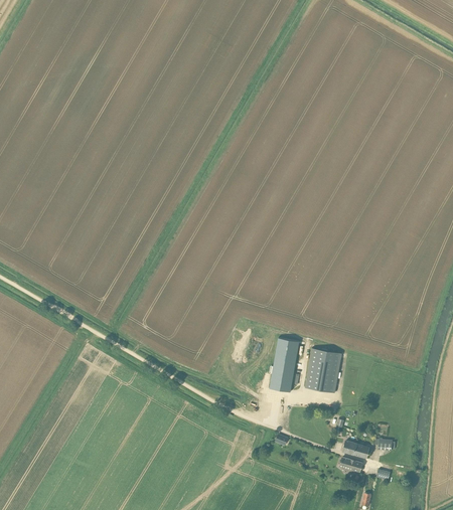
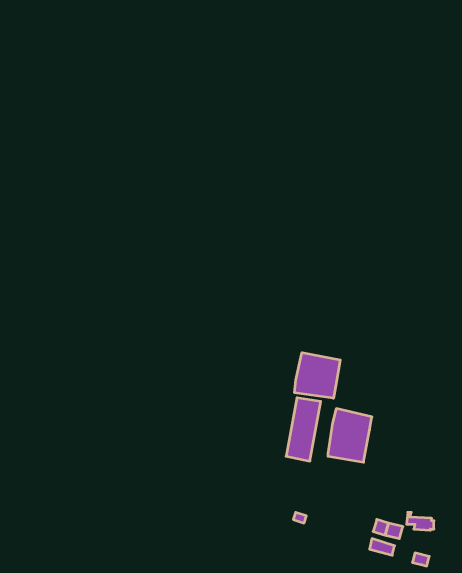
building: none -> [295,353,340,398]

